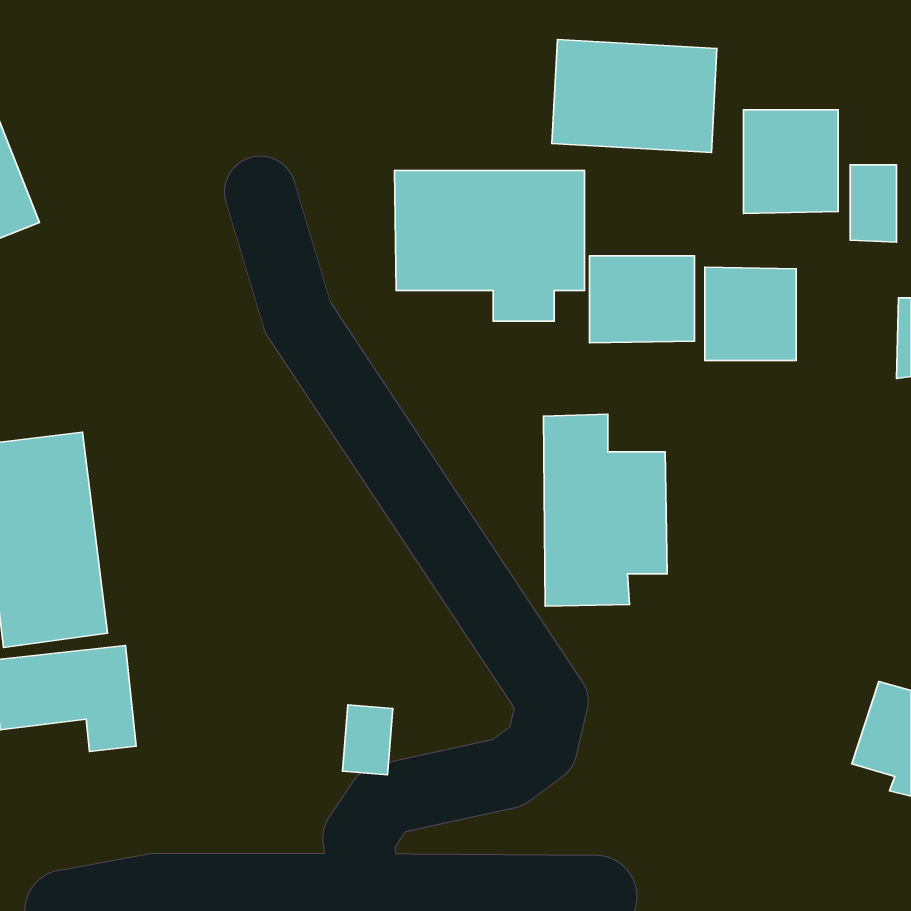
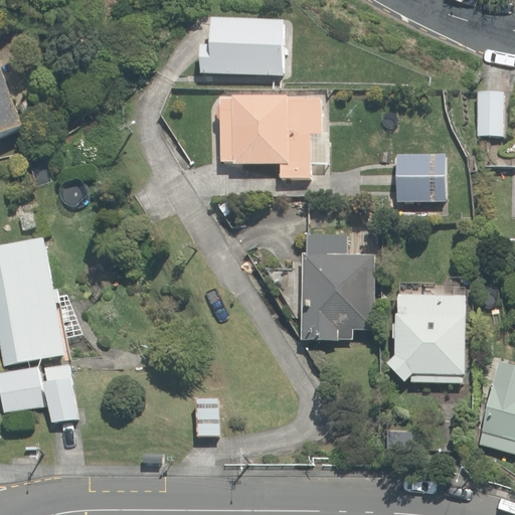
building: [552,40,717,153] -> [195,14,288,77]
building: [743,110,838,214] -> none
building: [590,256,695,343] -> none
building: none -> [386,294,468,381]

